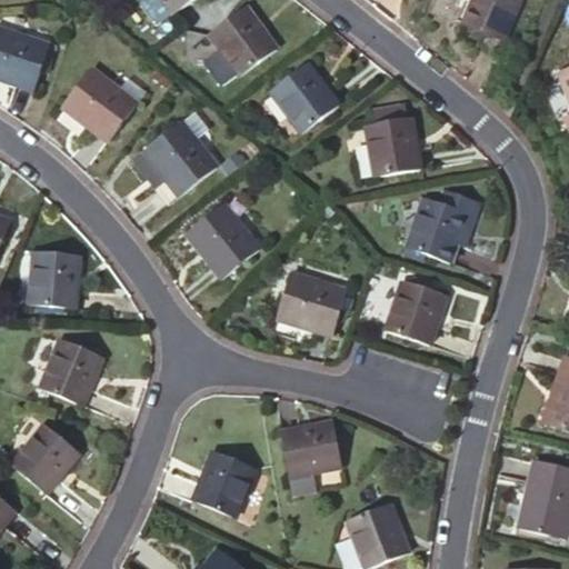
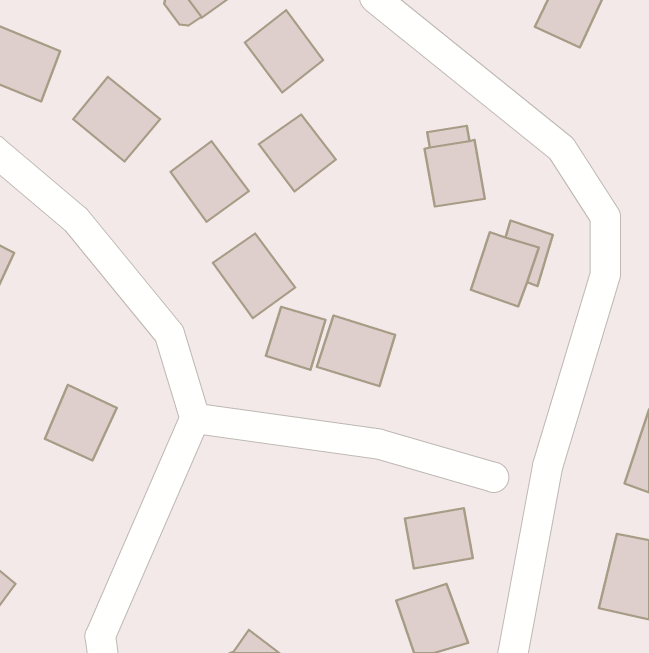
building: [273,68,340,134] -> [259,115,336,191]
building: [29,248,79,305] -> none
building: none -> [266,307,326,370]
building: [383,282,443,347] -> none
building: [11,421,78,489] -> none
building: [281,432,340,485] -> [405,508,473,568]
building: [192,453,256,520] -> none

